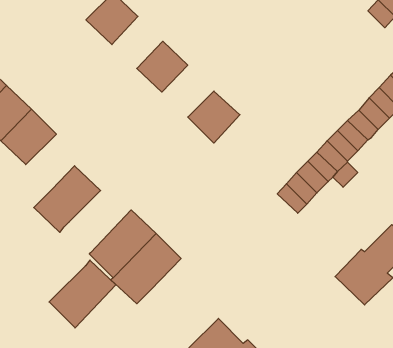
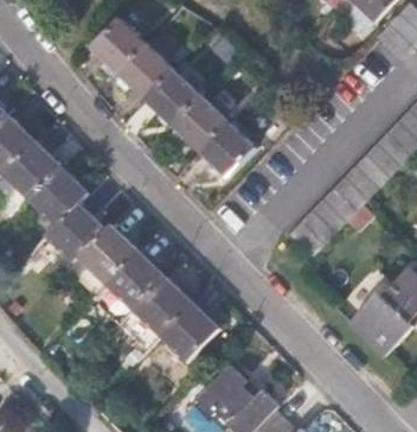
building: none -> [118,44,172,99]
building: none -> [171,95,225,150]
building: none -> [28,167,88,225]
building: none -> [159,298,217,356]
building: [49,260,116,328] -> [69,221,139,292]

